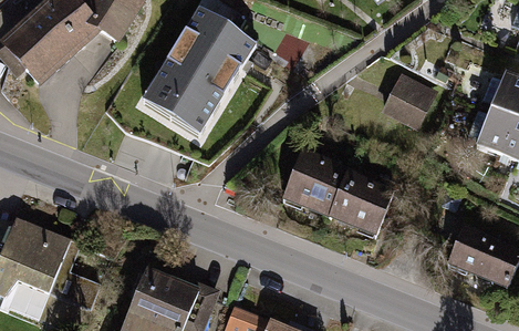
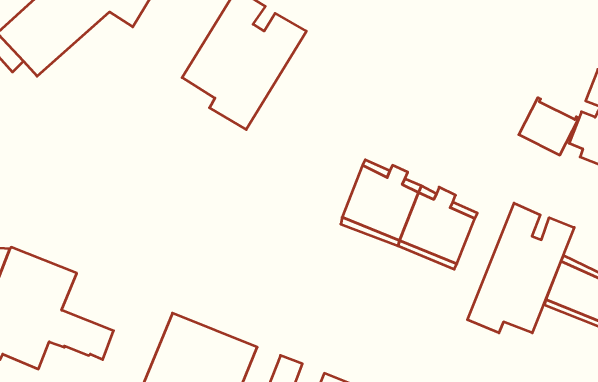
building: [384,77,433,124] -> [519,98,579,155]
building: [143,80,207,134] -> none
building: none -> [467,203,574,333]

